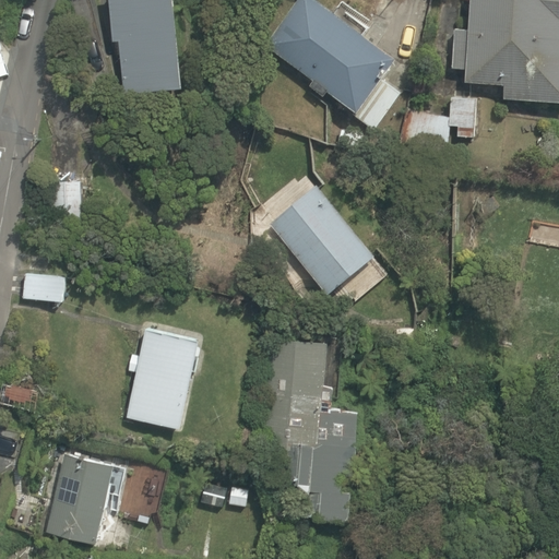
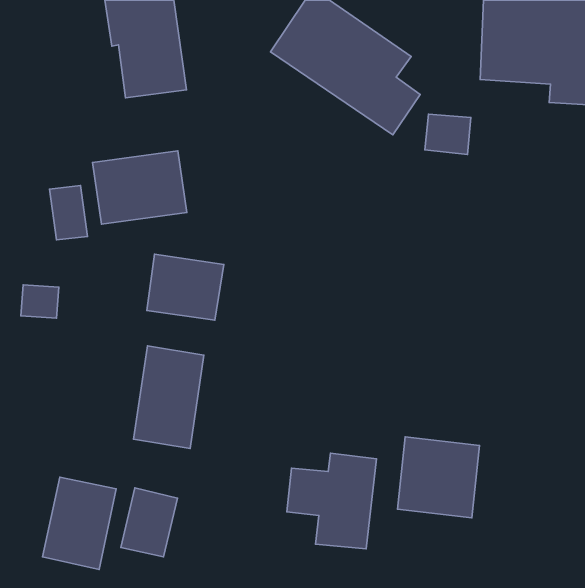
building: none -> [92,151,187,224]
building: [273,189,384,297] -> none
building: none -> [147,254,224,320]
building: none -> [397,437,479,518]

